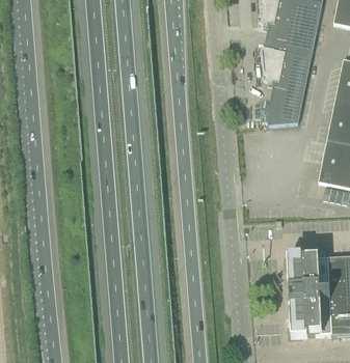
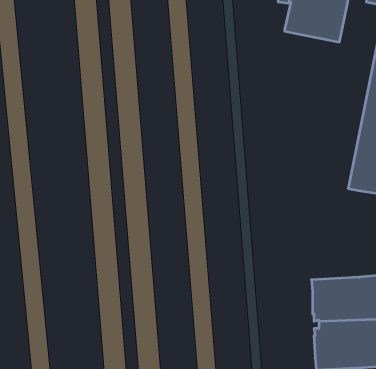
building: [262,45,312,123] -> none

